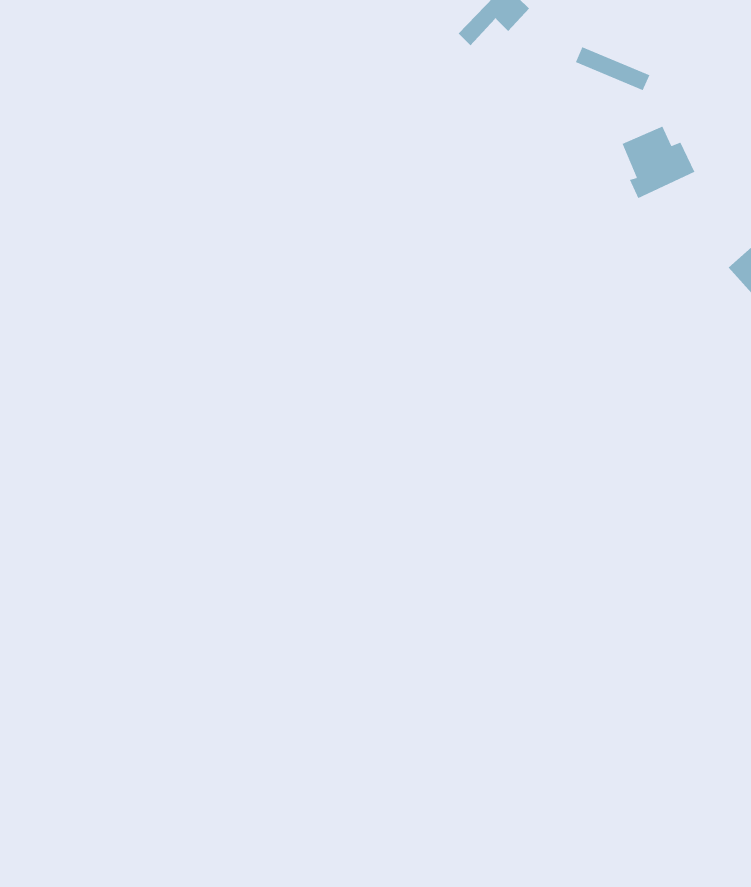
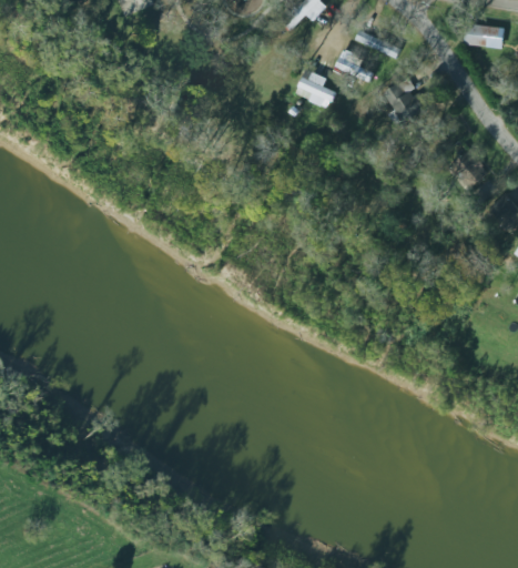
building: none -> [336,50,374,82]
building: none -> [296,70,337,103]

